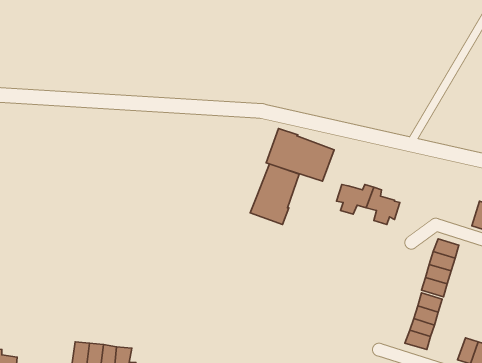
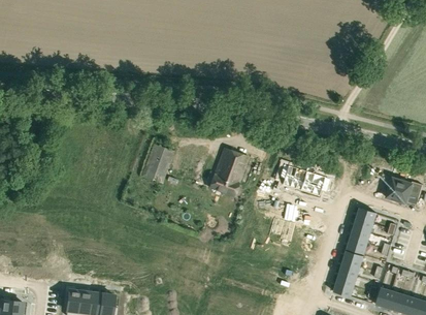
building: [266,128,334,181] -> none
building: none -> [141,144,172,183]

